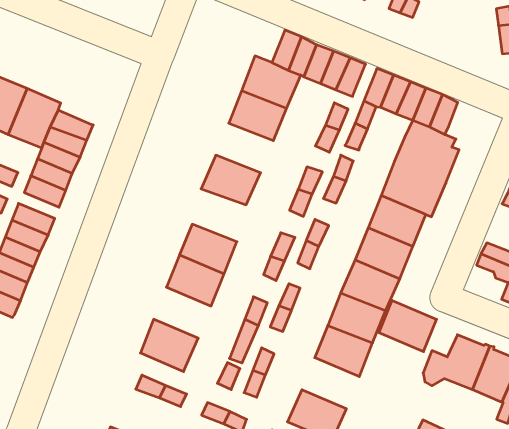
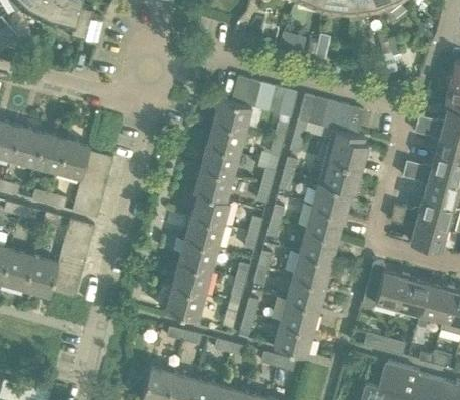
building: none -> [201,146,239,177]
building: none -> [190,194,230,227]
building: none -> [172,264,211,297]
building: [379,300,437,352] -> [281,300,319,332]

